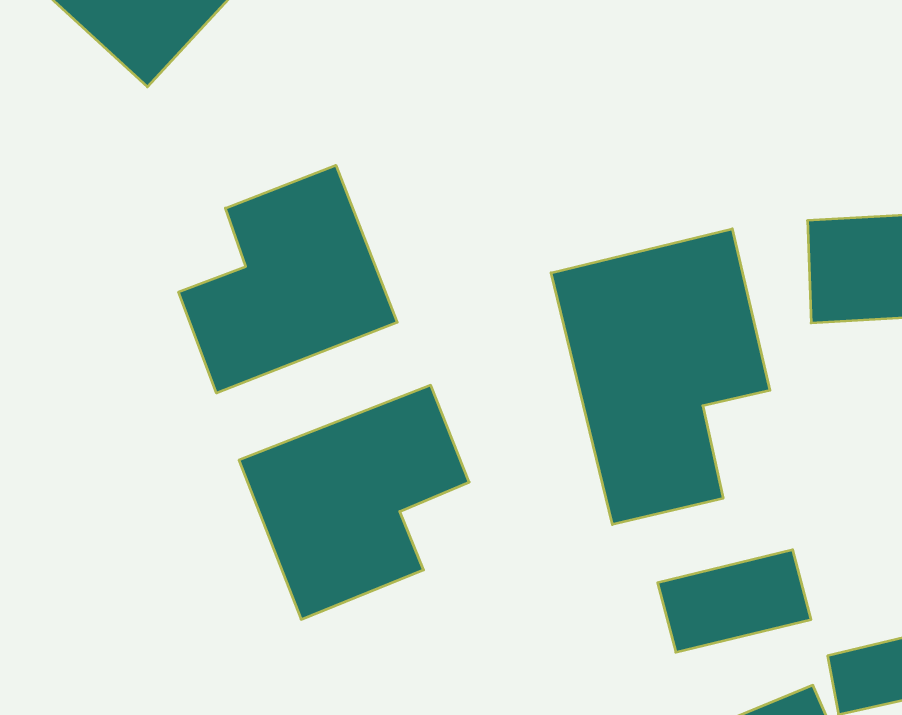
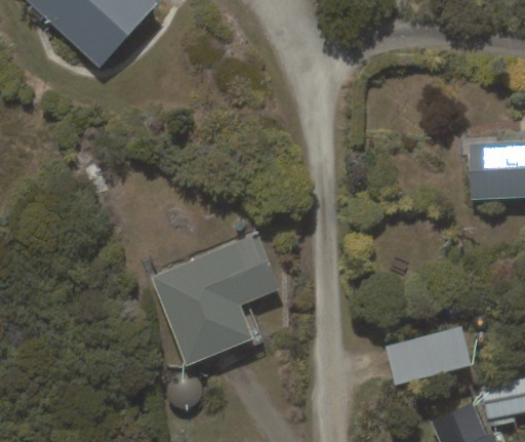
building: [179,165,397,393] -> none
building: [551,229,770,525] -> none

